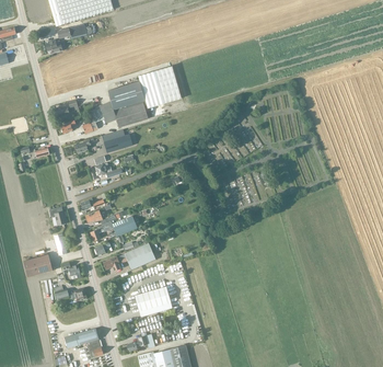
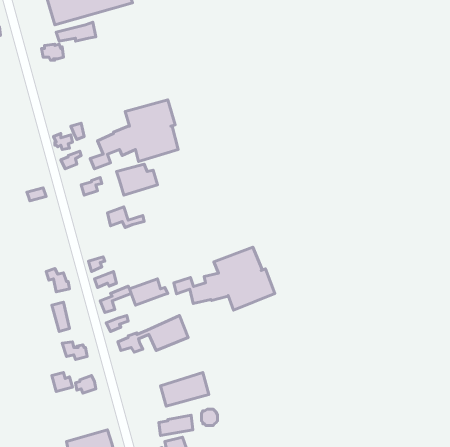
building: [138,66,182,107] -> none
building: none -> [174,247,275,310]
building: [24,254,54,276] -> none

